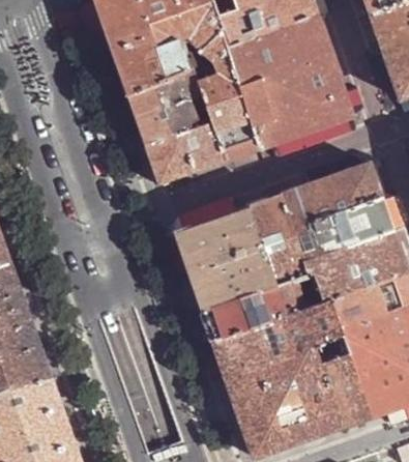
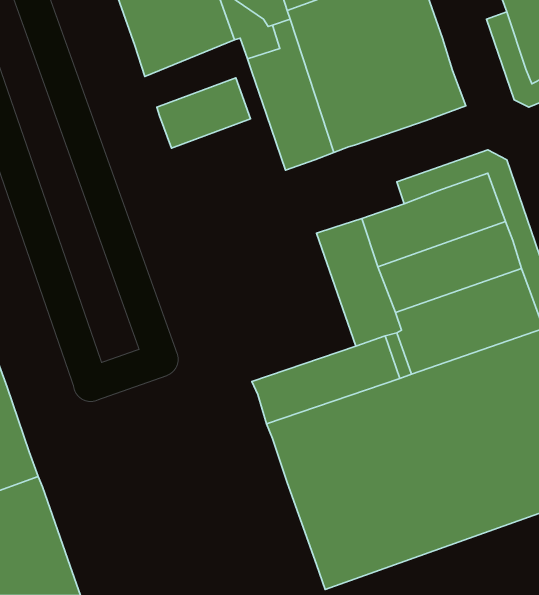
building: [126,67,202,116] -> none
building: [270,85,370,160] -> none
building: [145,121,226,184] -> none
building: [174,205,275,310] -> none

